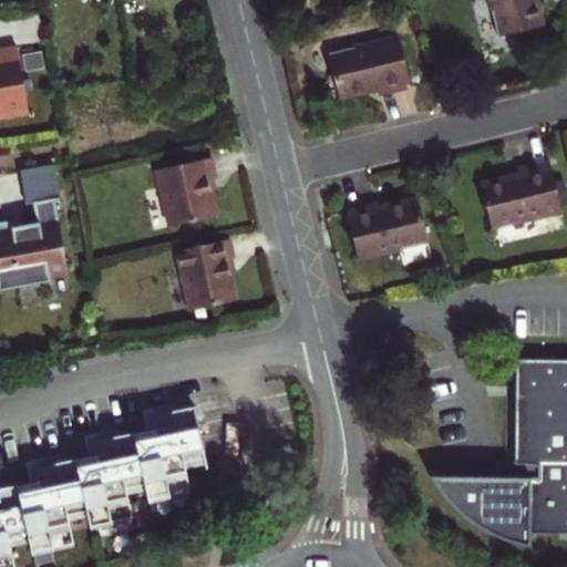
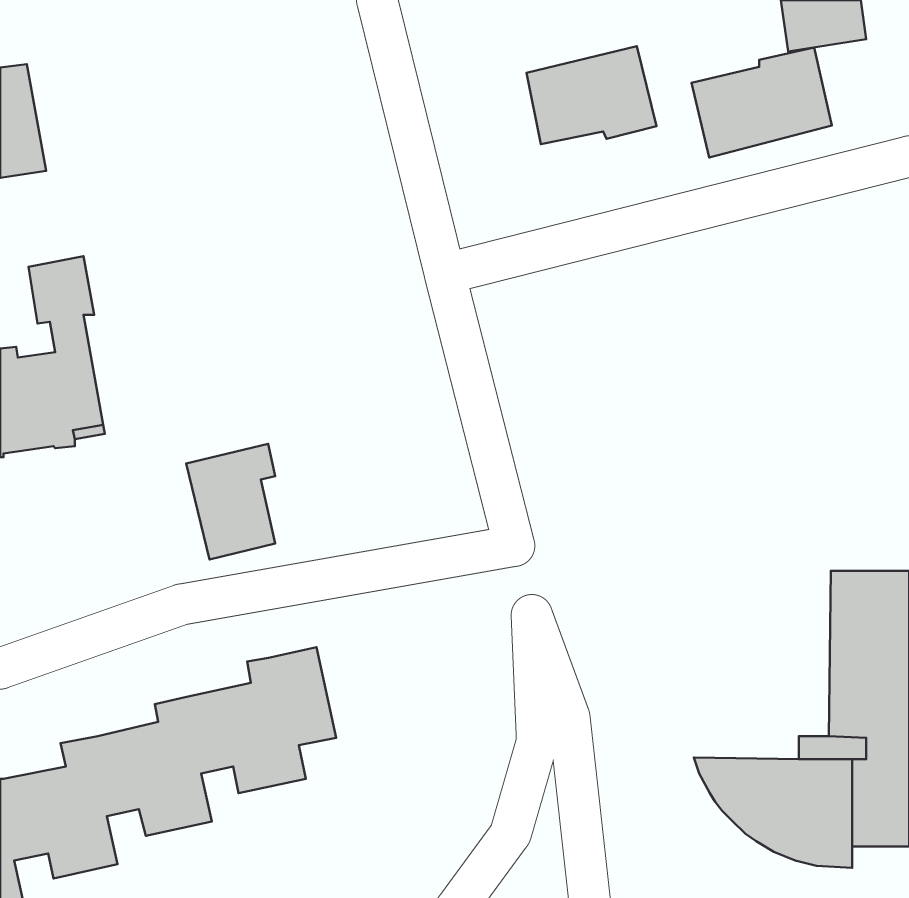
building: [155,156,214,225] -> none
building: [473,159,560,228] -> [691,47,832,158]
building: [346,195,427,257] -> none
building: [177,237,233,309] -> [186,444,275,560]

